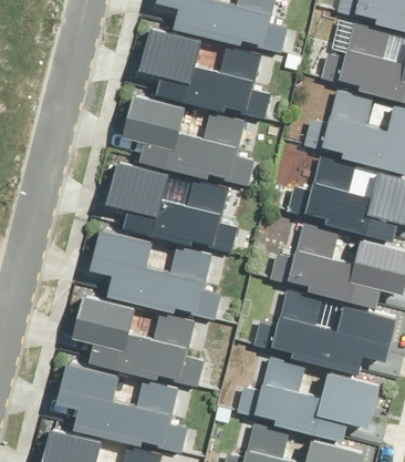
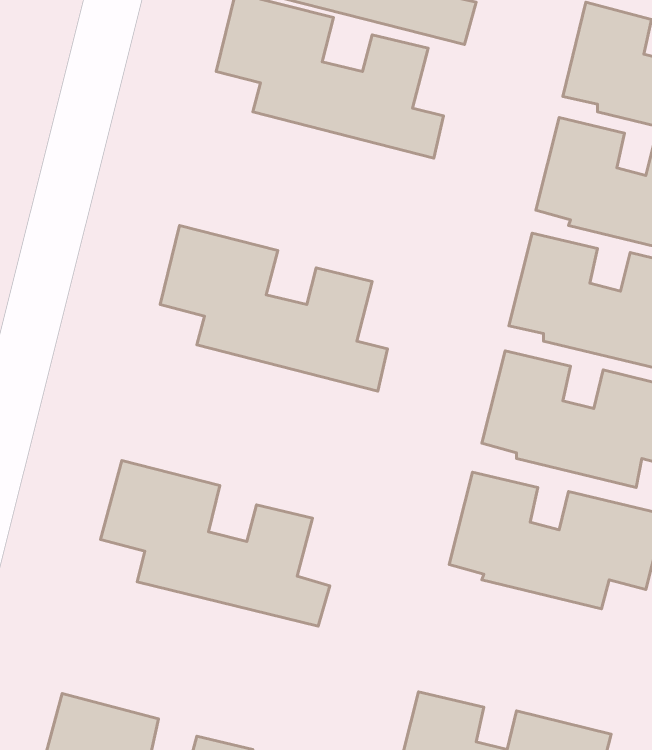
building: [121,91,251,185] -> none
building: [87,222,219,317] -> none
building: [55,357,186,452] -> none
building: [257,362,381,442] -> none

